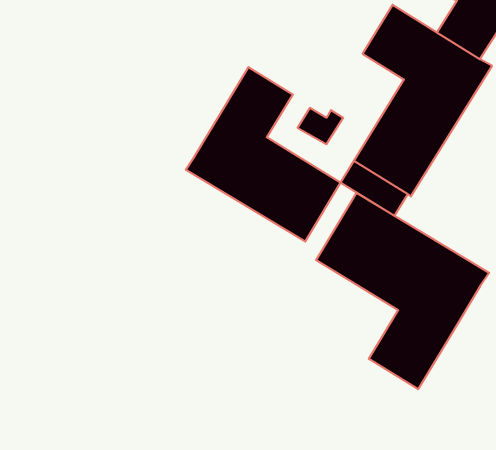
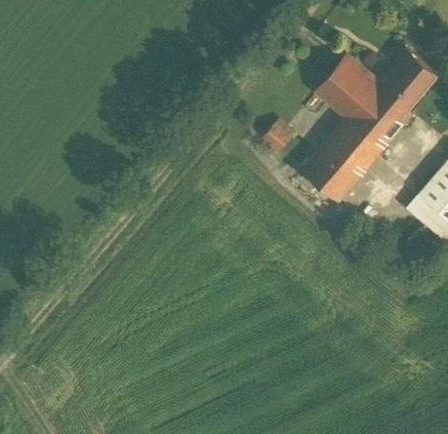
building: [186,67,341,242] -> none
building: [316,193,489,389] -> none

